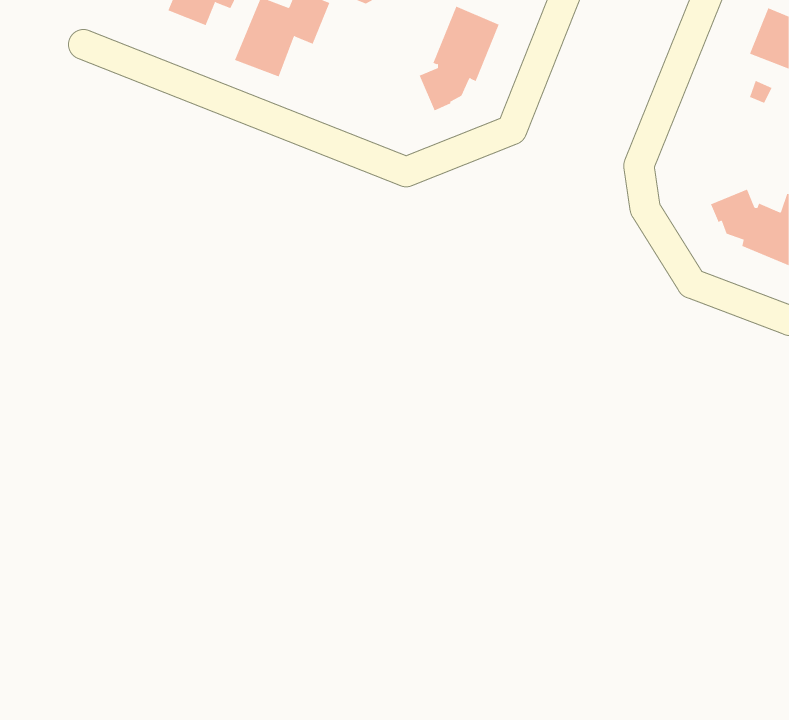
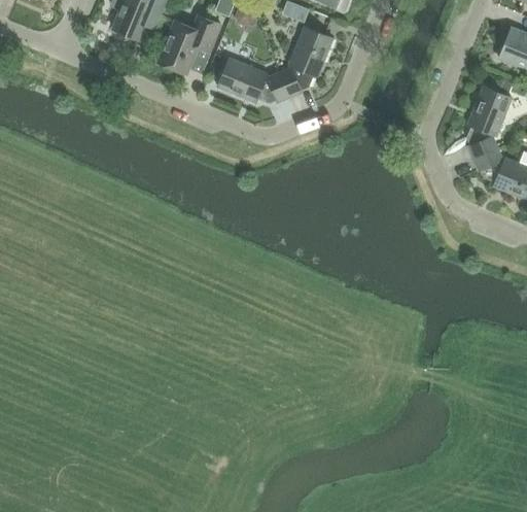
building: none -> [218,58,290,103]
building: none -> [466,86,512,158]

